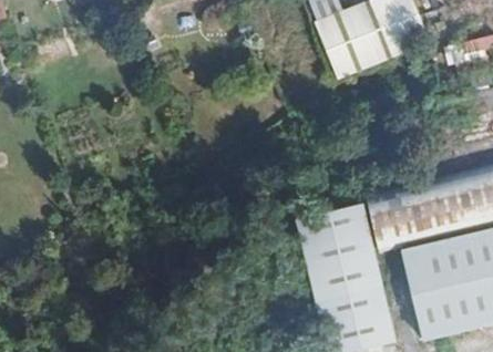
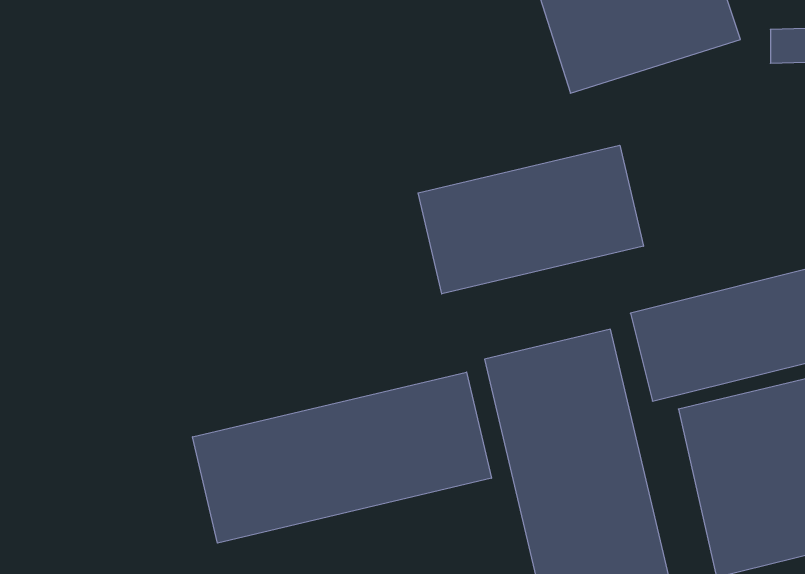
building: none -> [418,145,643,294]
building: none -> [193,372,491,543]

